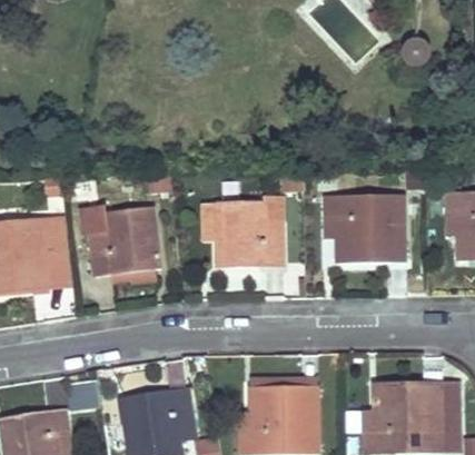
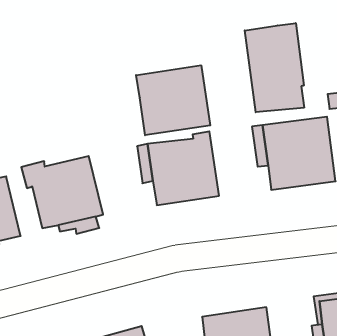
building: none -> [245,23,304,112]
building: none -> [136,65,210,135]

